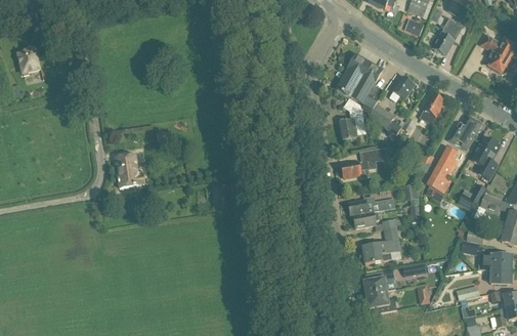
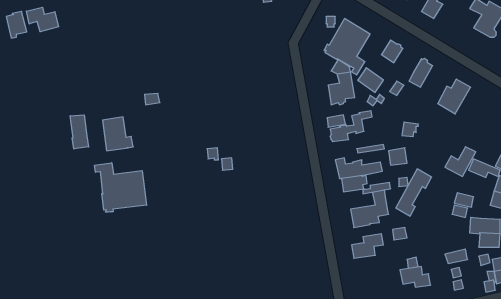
building: none -> [26,7,59,32]
building: [472,137,500,178] -> none
building: [430,144,466,192] -> [396,169,432,216]
building: none -> [70,115,89,149]
building: none -> [95,163,147,212]
building: [365,291,396,311] -> [400,267,431,287]

